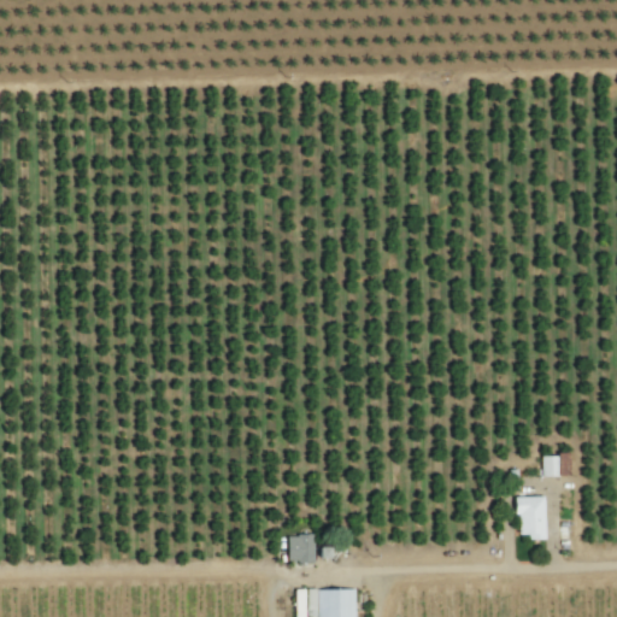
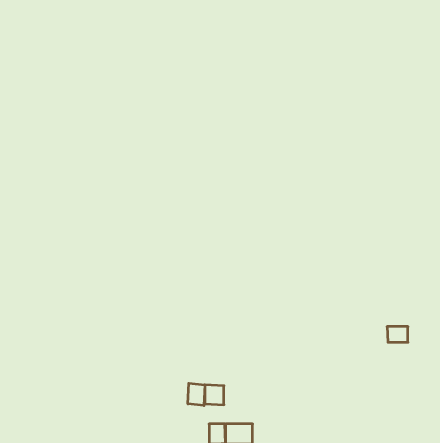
building: [517,495,547,540] -> none
building: none -> [188,383,205,406]

